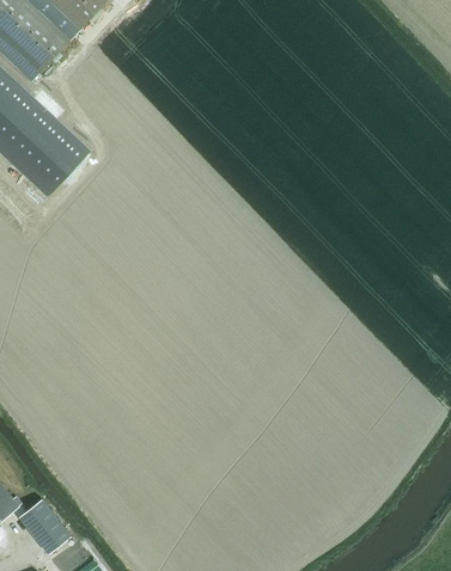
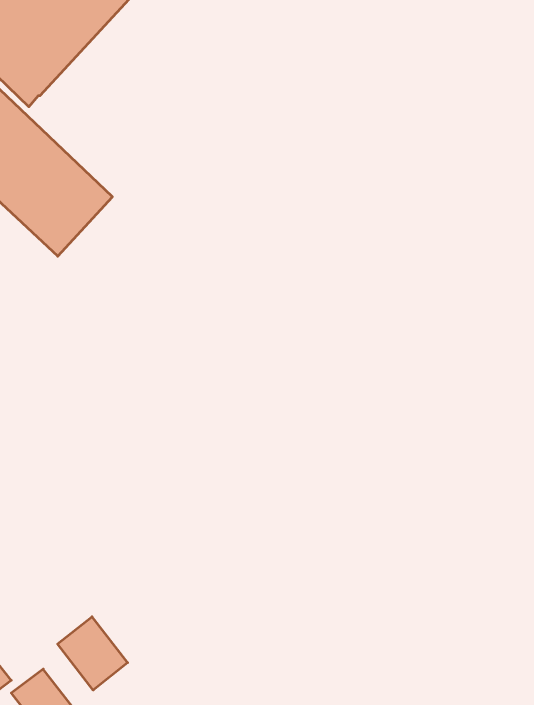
building: none -> [58,617,128,690]

